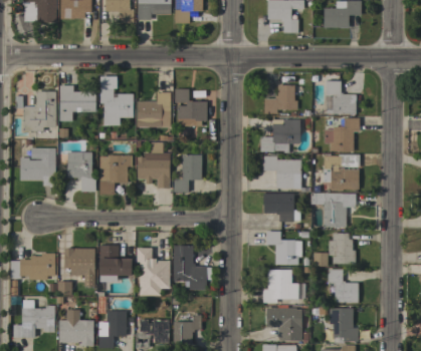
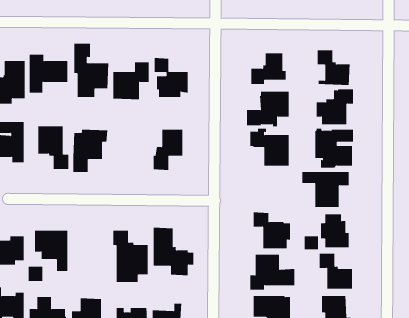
building: [137,141,170,188] -> none
building: [263,194,300,222] -> none
building: [99,245,132,282] -> none

